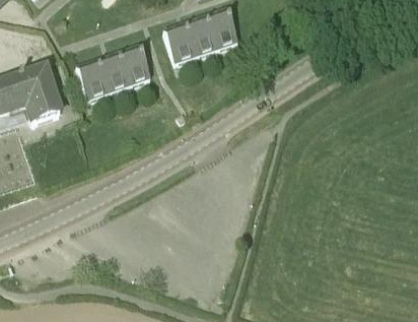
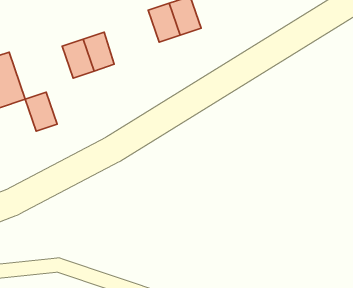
building: [162,23,195,63] -> none
building: [75,60,108,100] -> [25,92,57,131]

